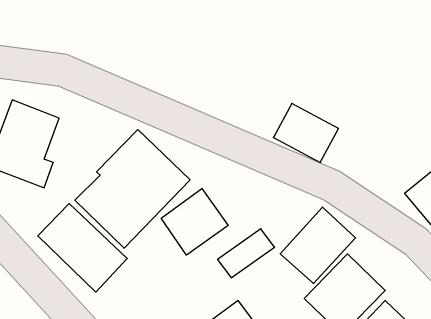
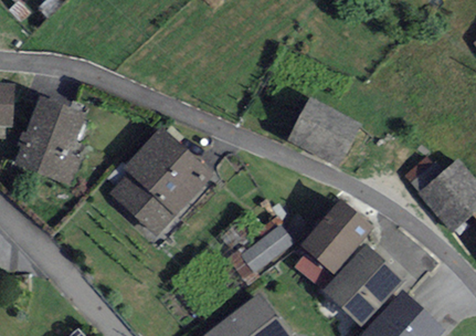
building: [161,188,228,255] -> none
building: [38,204,127,292] -> none

